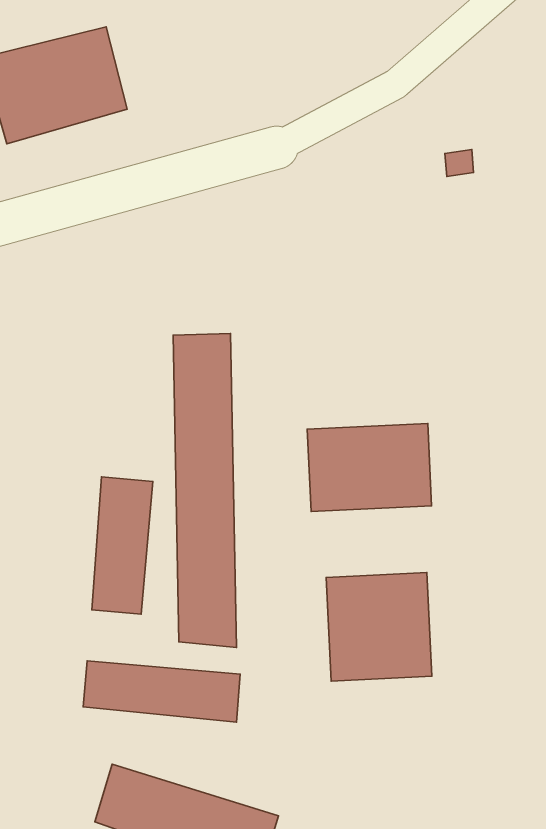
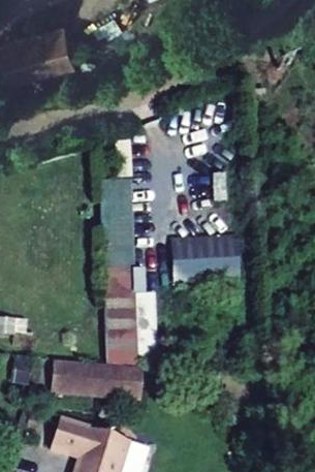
building: [92,477,153,614] -> none
building: [326,573,432,681] -> none

